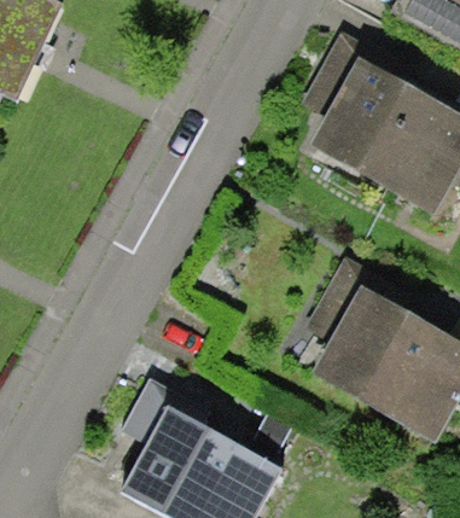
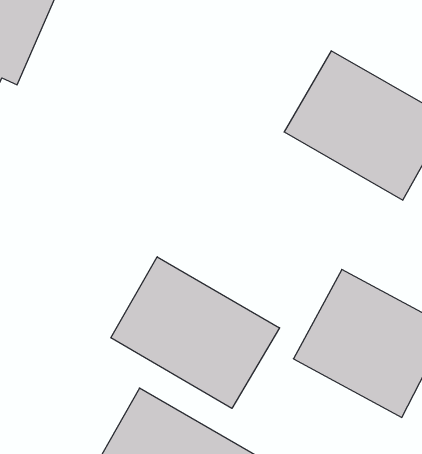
building: none -> [111,257,280,408]

